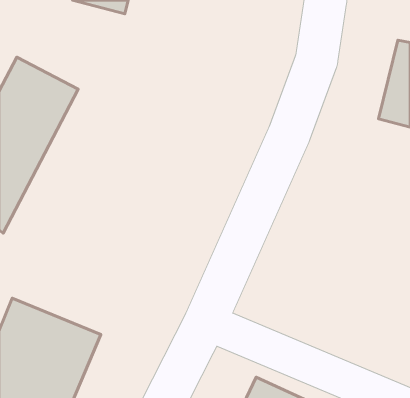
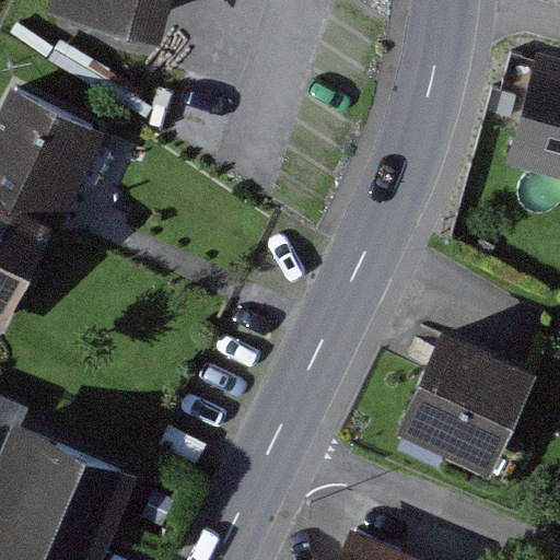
building: none -> [395,335,527,475]

